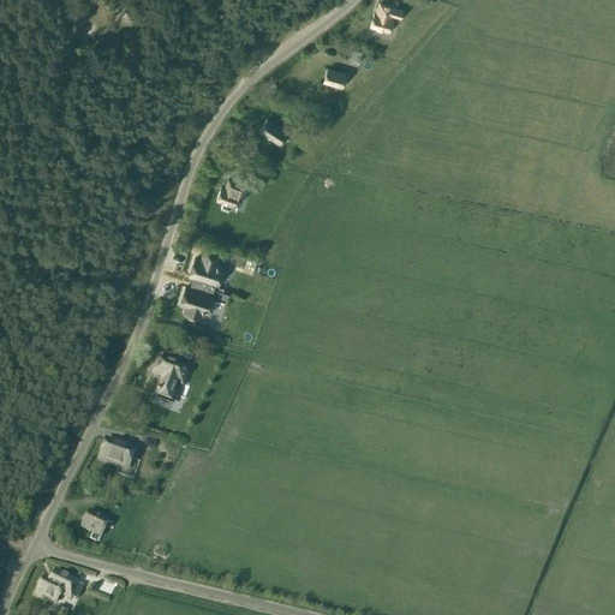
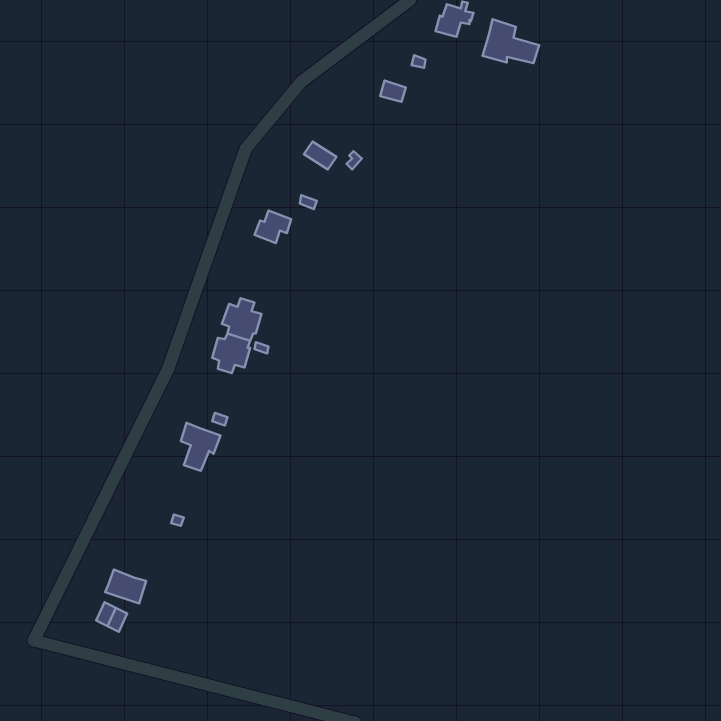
building: none -> [483,19,539,63]
building: [100,441,135,470] -> [105,569,146,603]
building: [37,573,76,604] -> none

